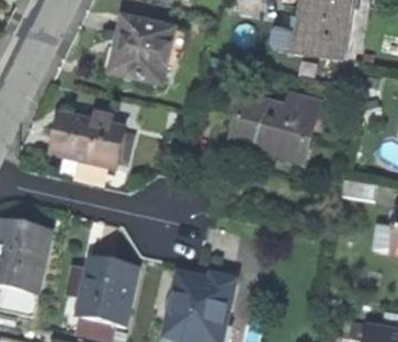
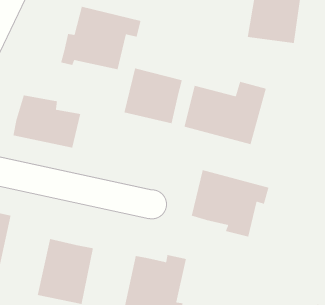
building: none -> [123,68,183,124]
building: none -> [191,169,270,238]

